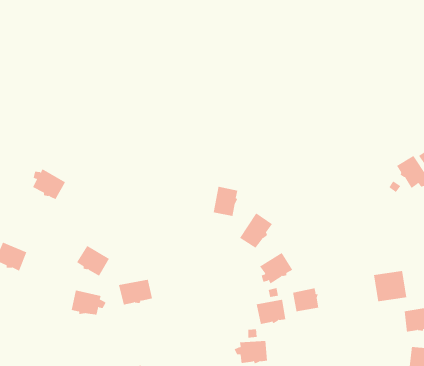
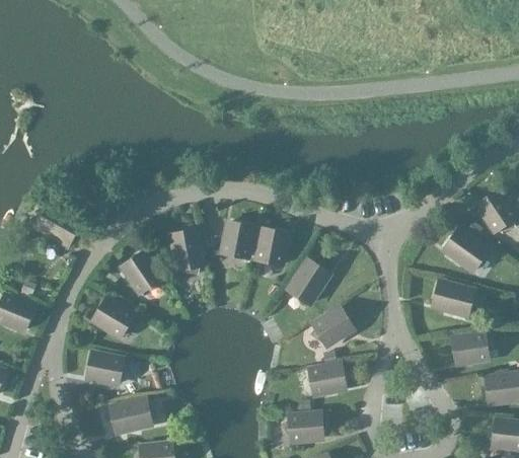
building: none -> [222,222,252,258]
building: none -> [170,230,203,276]
building: none -> [443,230,488,271]
building: none -> [122,253,160,294]
building: none -> [432,283,473,316]
building: [118,279,153,305] -> [109,401,151,433]
building: [293,288,319,312] -> none

